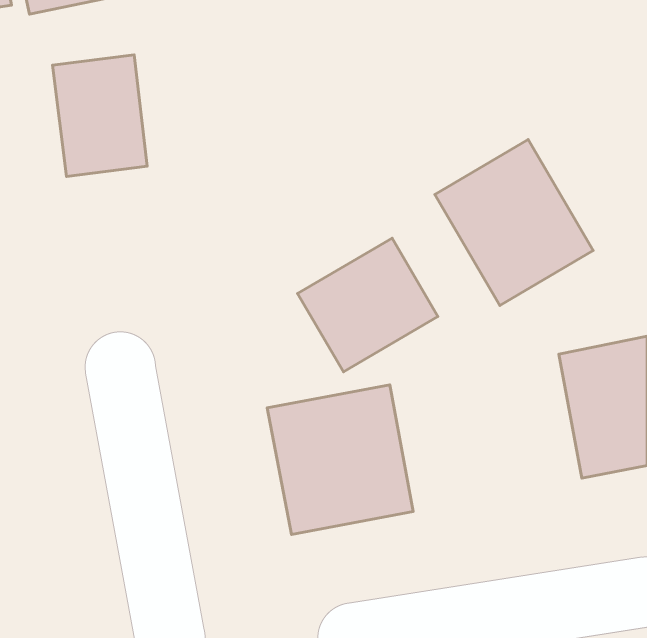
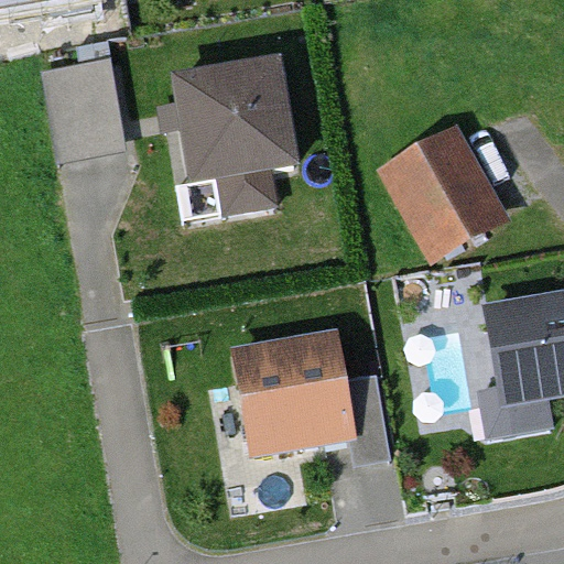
building: none -> [171,62,299,191]
building: [298,238,438,372] -> none

